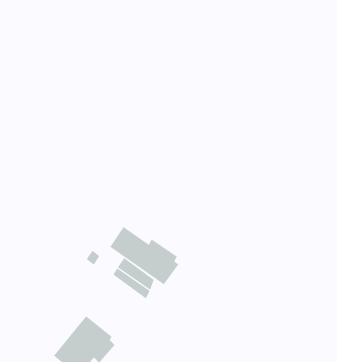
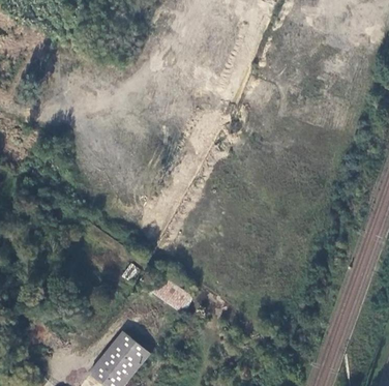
building: [109,226,179,285] -> none

